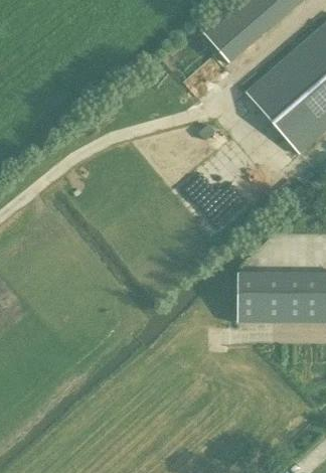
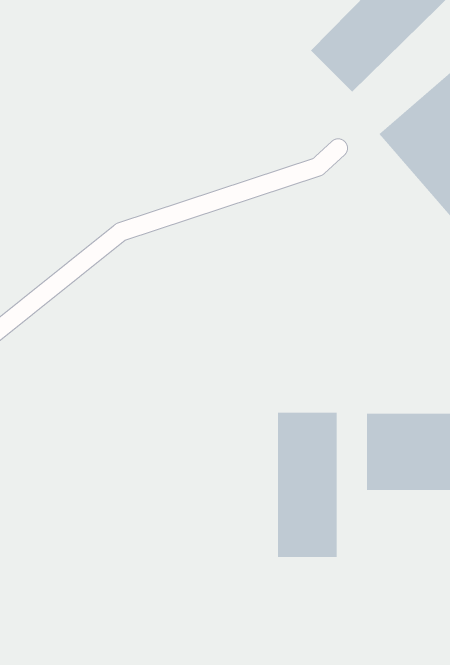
building: none -> [278,412,337,558]

